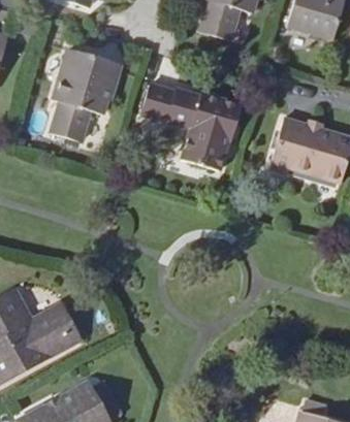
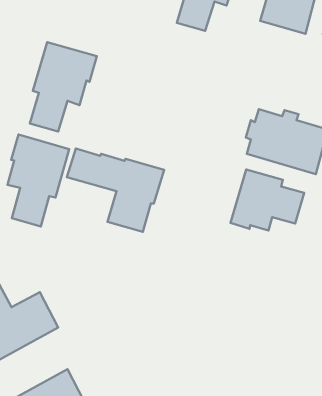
building: [141,84,241,168] -> [67,149,164,232]
building: none -> [8,135,69,227]
building: none -> [231,169,304,231]

